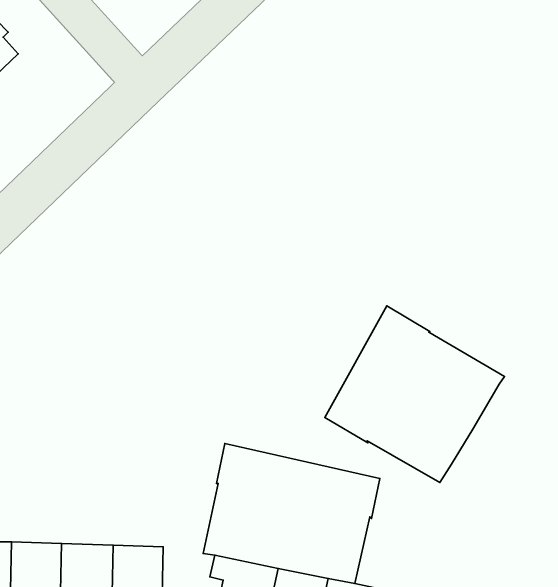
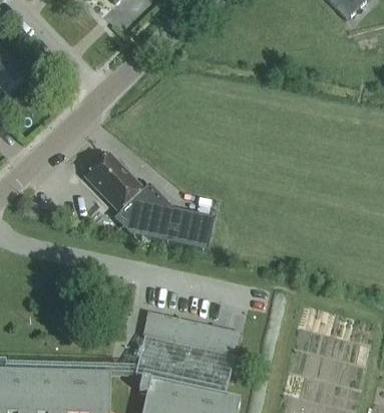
building: none -> [83,150,213,248]
building: [325,306,505,483] -> none

